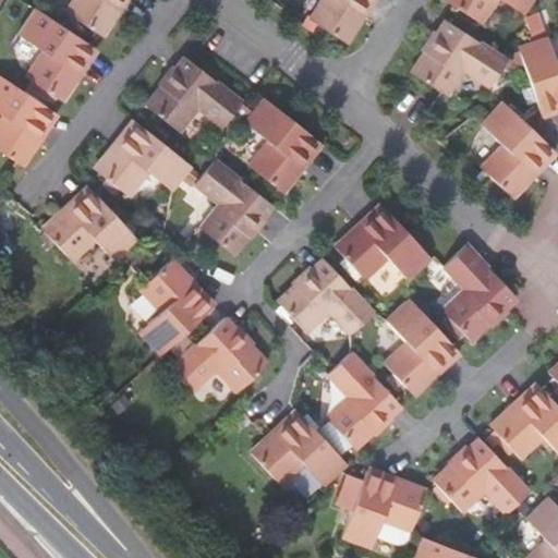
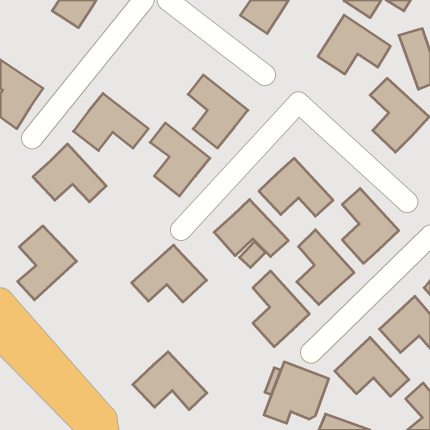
building: [17,9,97,101] -> none
building: [146,56,243,130] -> none
building: [138,259,215,355] -> [18,226,77,300]
building: [252,411,348,486] -> [133,352,207,410]

